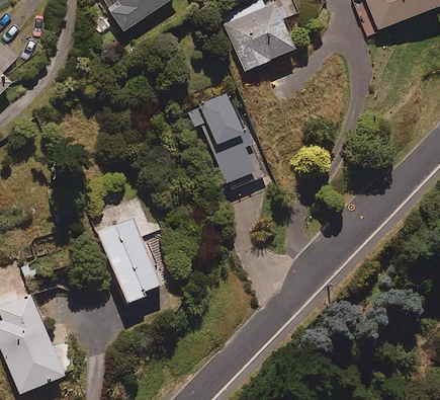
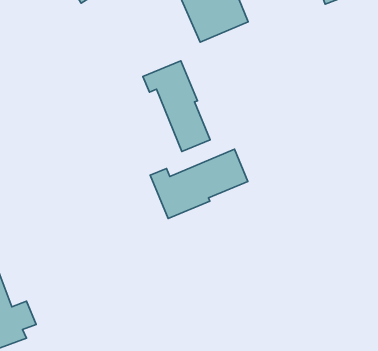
building: none -> [150,149,248,218]
building: [96,217,161,309] -> none

